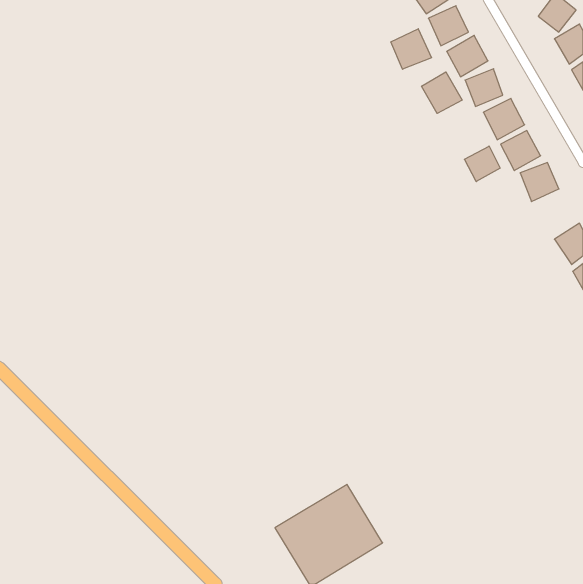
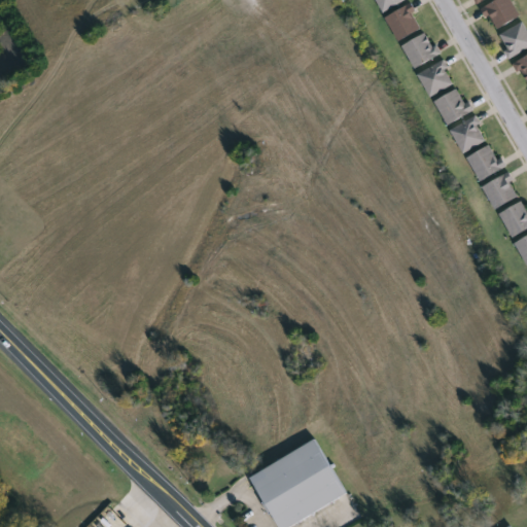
building: [391,29,432,69] -> none
building: [422,72,462,113] -> none
building: [464,146,500,182] -> none
building: none -> [482,173,519,209]

